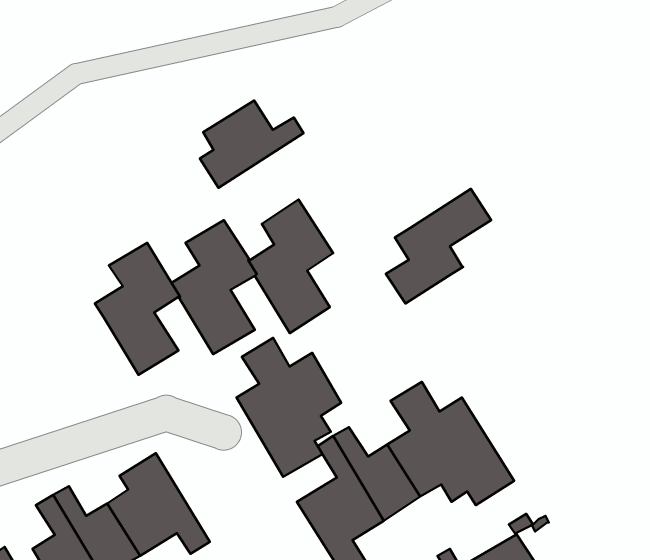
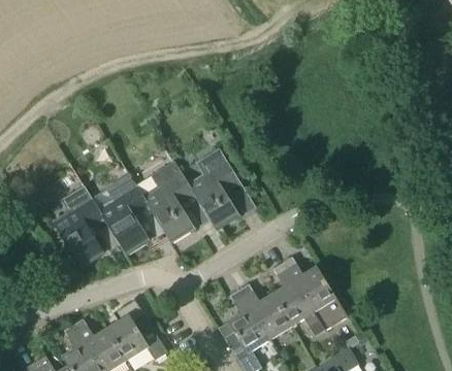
building: [200,100,303,188] -> none
building: [386,189,491,304] -> none
building: none -> [53,188,103,266]
building: [236,338,341,477] -> none

